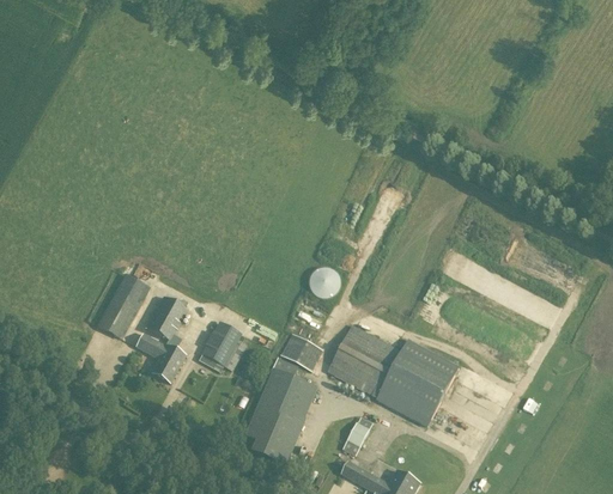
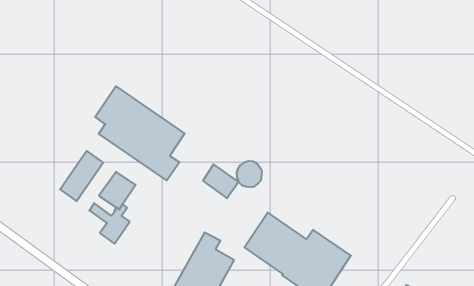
building: none -> [95,86,185,180]
building: [201,321,242,366] -> none
building: [280,331,323,371] -> [203,164,238,198]

